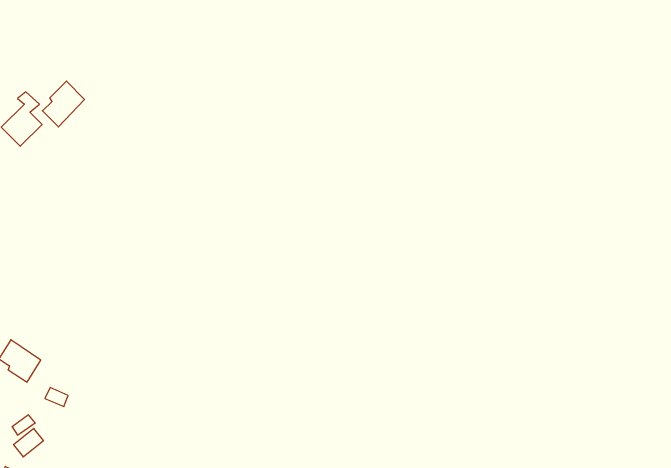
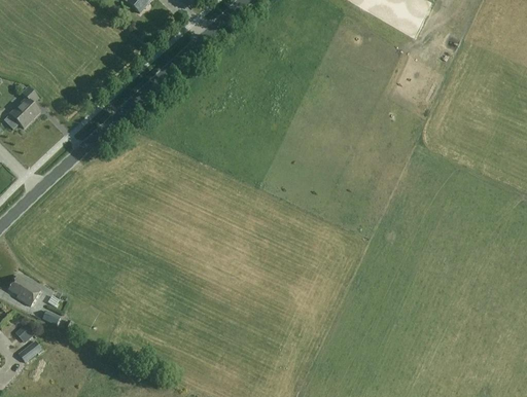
building: [42,81,84,127] -> none

